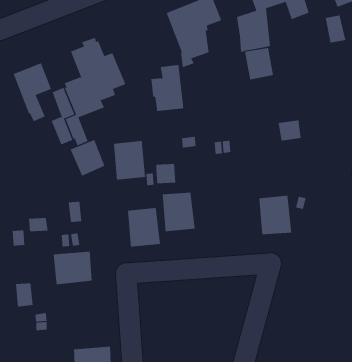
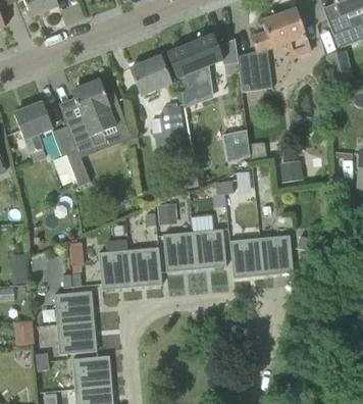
building: none -> [131,54,172,95]
building: [244,48,274,80] -> [222,129,252,161]
building: [70,139,105,177] -> none
building: [113,140,146,180] -> [99,249,132,289]
building: none -> [193,228,226,267]
building: none -> [229,237,263,276]
building: none -> [57,319,97,353]
building: none -> [71,354,112,388]

